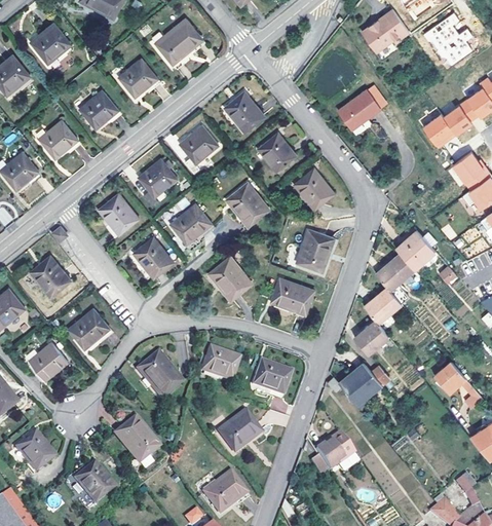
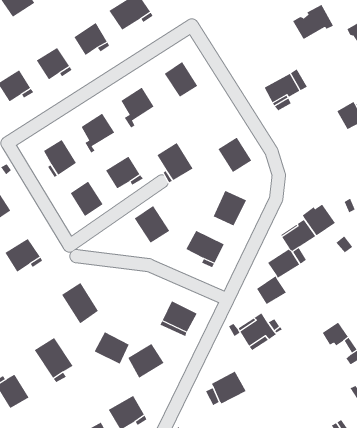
building: [258,132,296,171] -> none
building: [200,346,239,381] -> [94,332,130,364]

